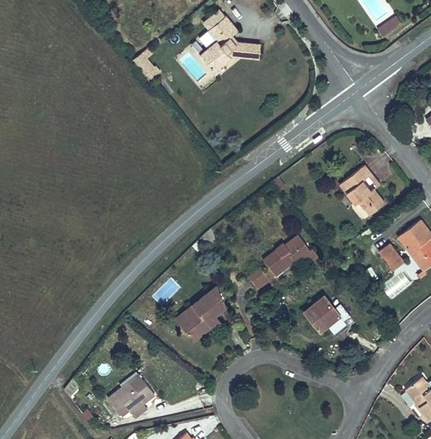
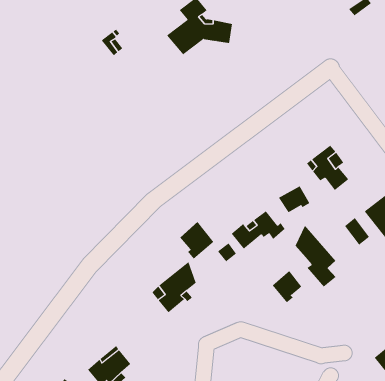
building: none -> [278,186,310,213]
building: none -> [179,221,214,259]
building: none -> [295,225,336,288]

